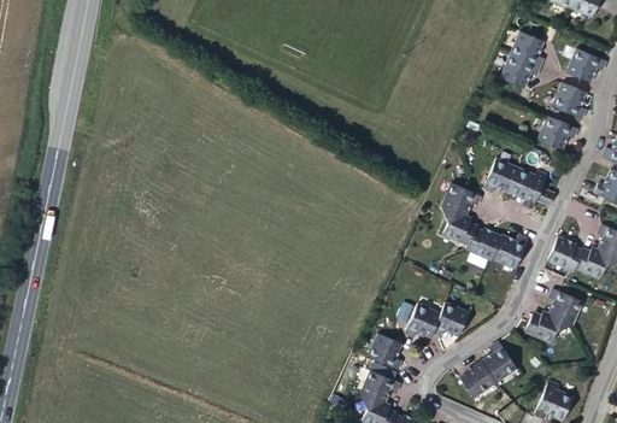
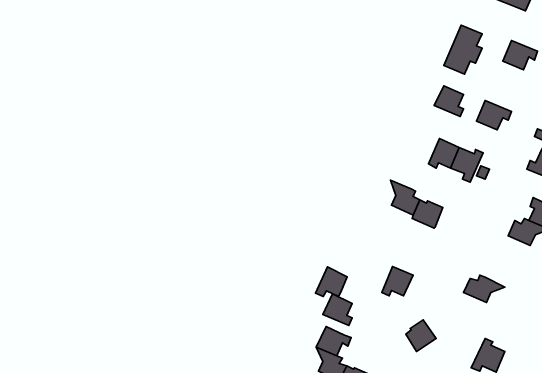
building: [552,86,584,119] -> [434,86,464,116]
building: [442,184,480,216] -> none
building: [492,235,525,268] -> none
building: [547,237,580,271] -> none
building: [547,289,580,324] -> none
building: [405,302,440,335] -> [316,267,347,296]
building: [478,341,515,381] -> none

